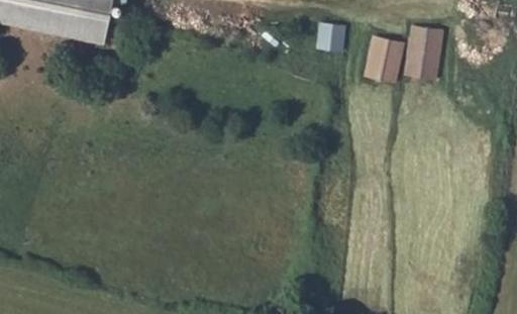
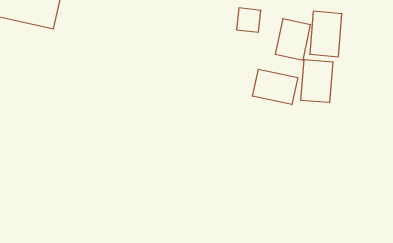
building: none -> [301,59,333,103]
building: none -> [253,69,298,105]

